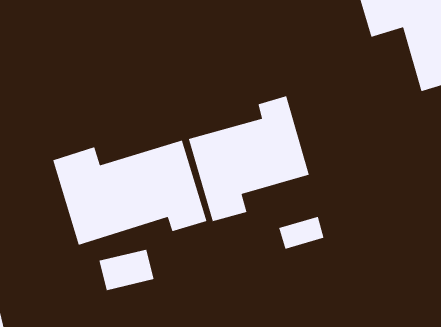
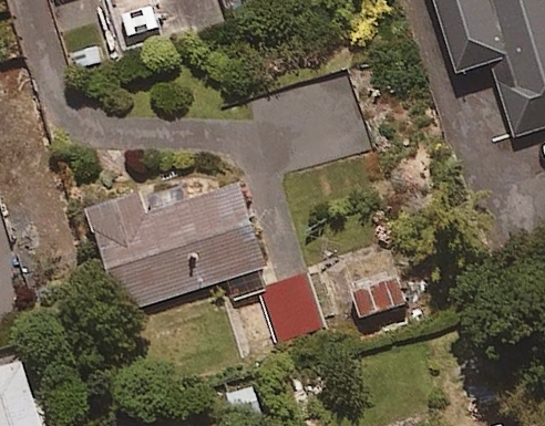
building: [188,95,310,222] -> none

